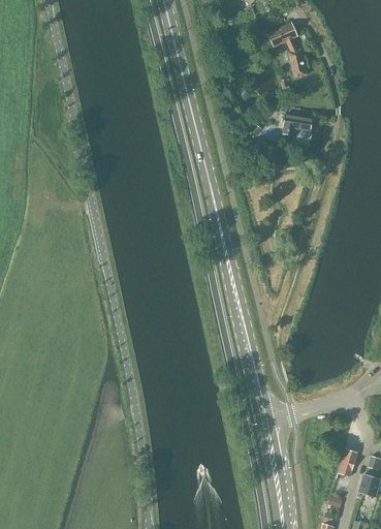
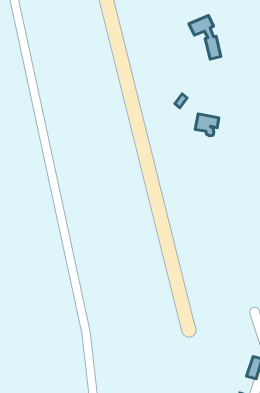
building: [283,113,313,141] -> [195,114,219,136]

